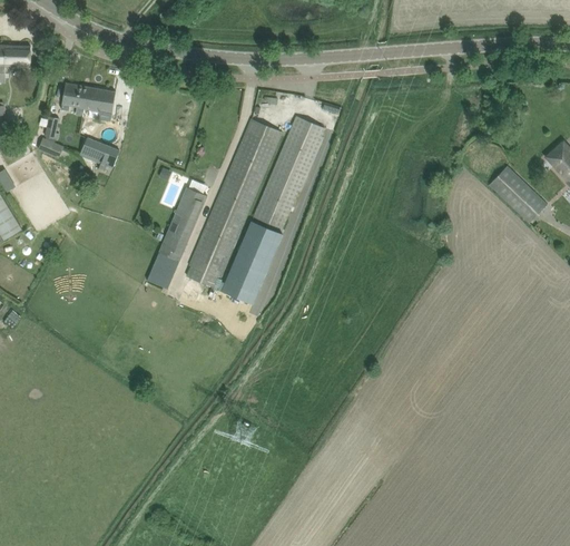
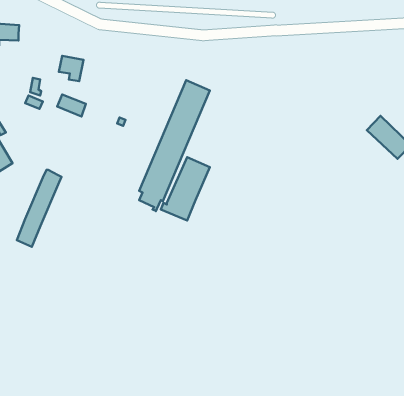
building: [60,81,87,109] -> none
building: [253,115,324,226] -> none
building: [147,186,206,287] -> [17,170,62,247]

